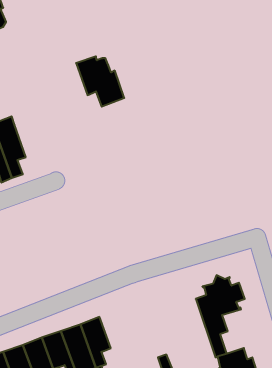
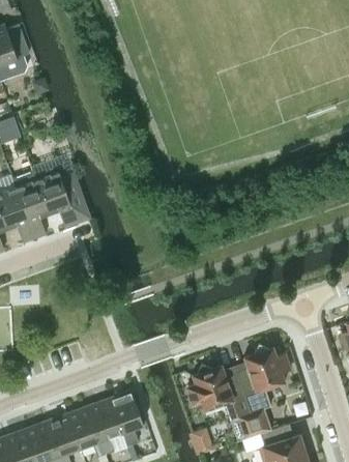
building: [76,56,124,107] -> [37,173,90,228]
building: none -> [187,365,258,441]

